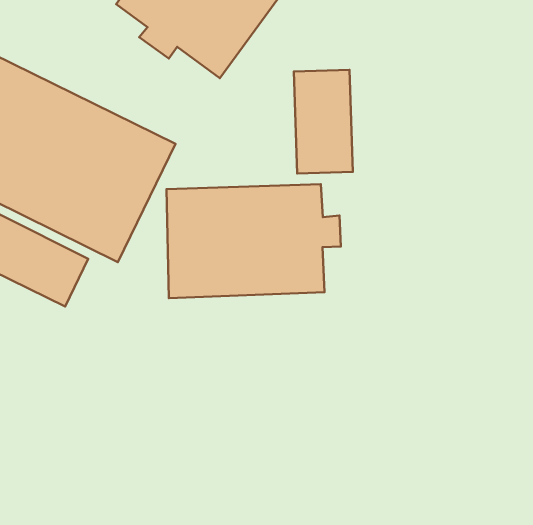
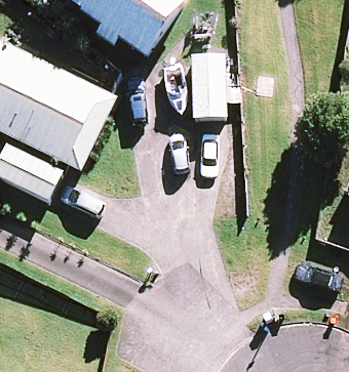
building: [166,184,341,298] -> none

